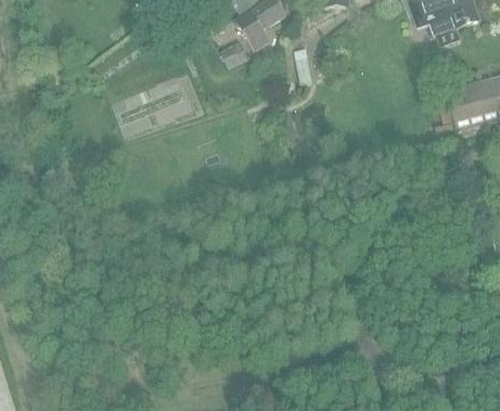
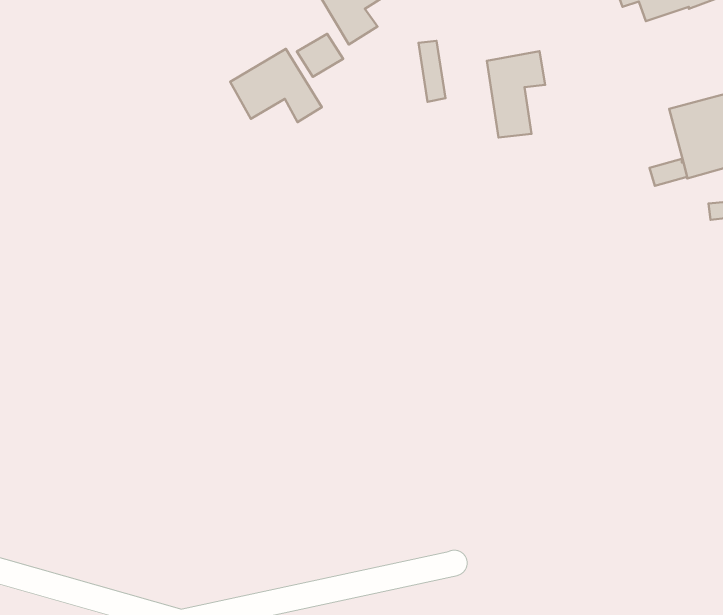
building: none -> [230,49,322,122]
building: none -> [487,51,545,138]

